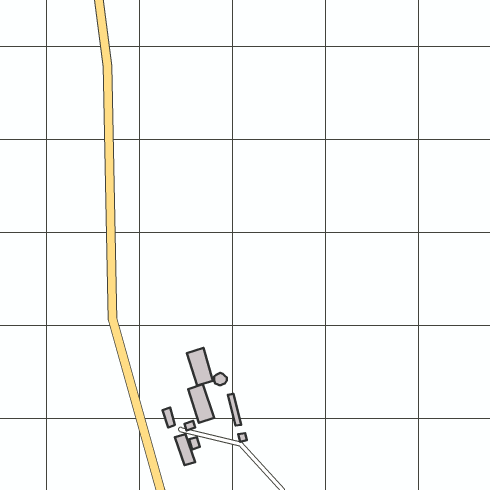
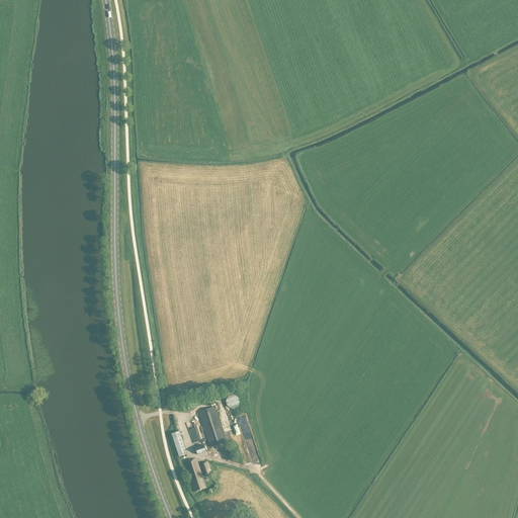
building: [187,348,213,386] -> none

